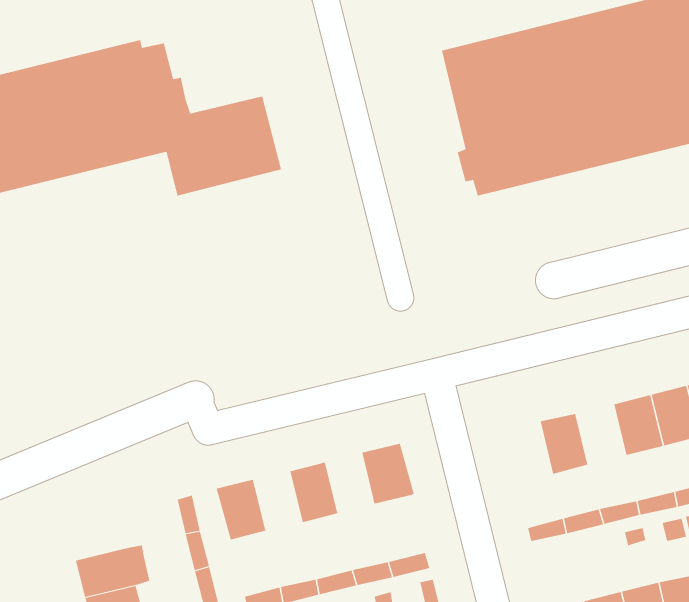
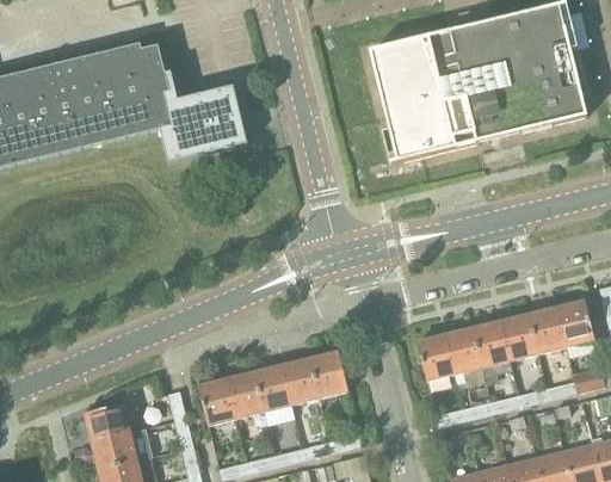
building: none -> [473,320,511,366]
building: none -> [416,333,455,379]
building: none -> [282,357,319,403]
building: none -> [227,371,264,416]
building: none -> [85,403,130,439]

